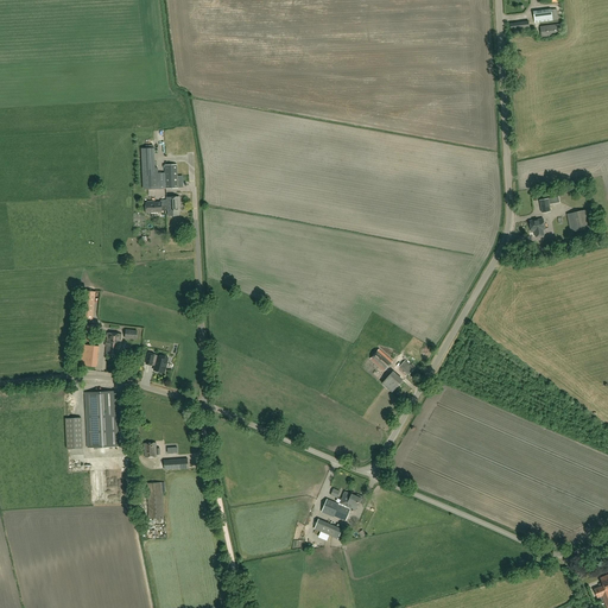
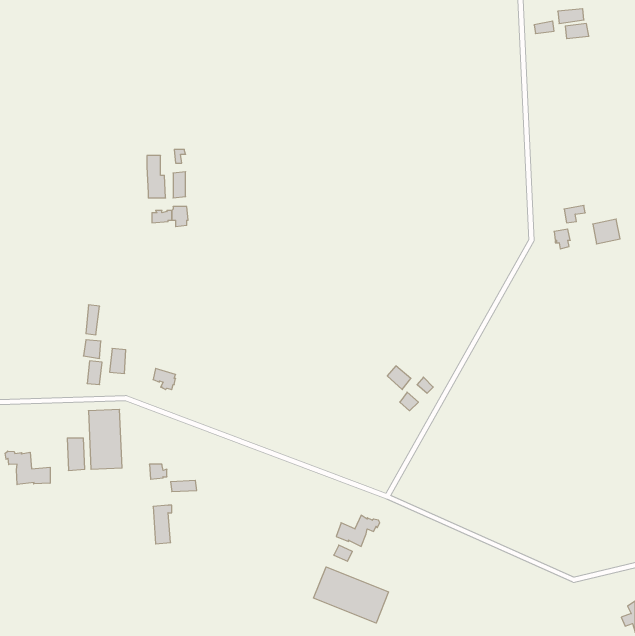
building: none -> [5,451,50,485]
building: none -> [314,567,389,623]

